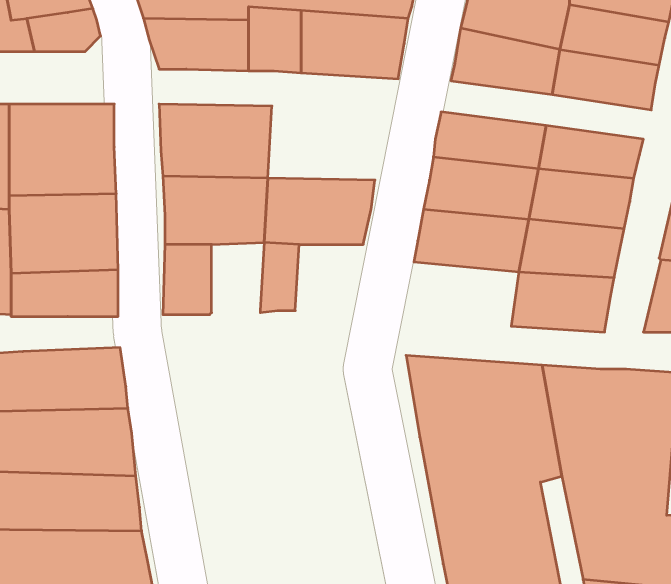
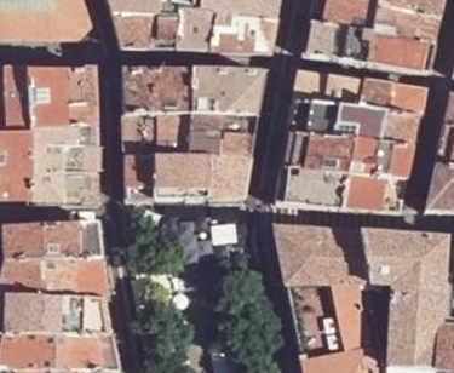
building: none -> [191,69,265,115]
building: none -> [156,154,189,197]
building: none -> [208,155,251,196]
building: none -> [275,166,347,206]

